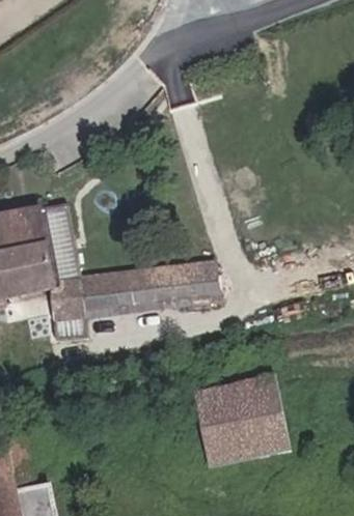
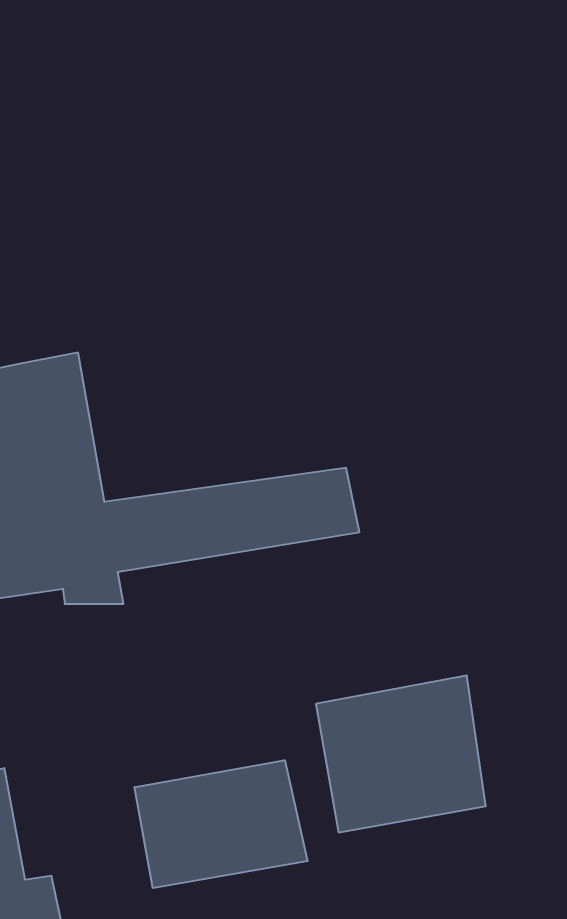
building: none -> [134,760,308,888]

